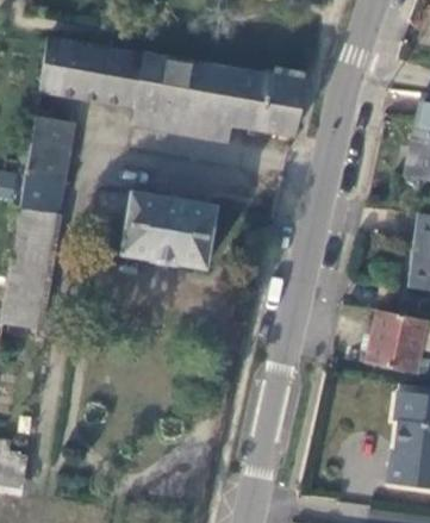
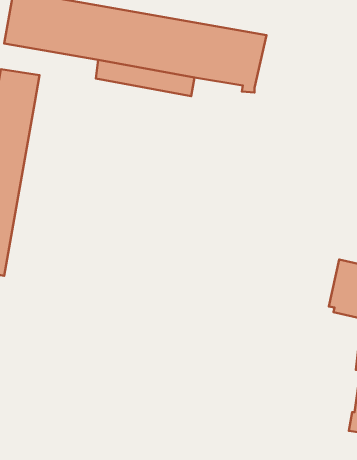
building: [121,192,217,269] -> none

